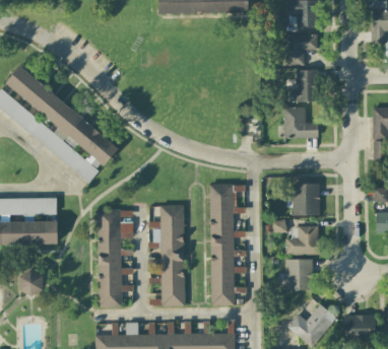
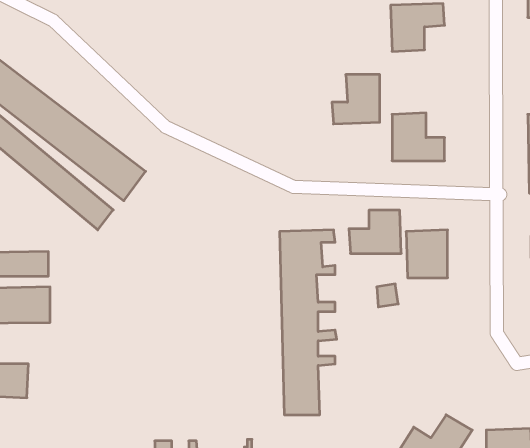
building: [285,70,317,102] -> [332,75,380,124]
building: [149,205,185,306] -> none
building: [96,210,133,307] -> none
building: [284,226,319,255] -> [349,210,401,253]
building: [285,259,312,290] -> none

